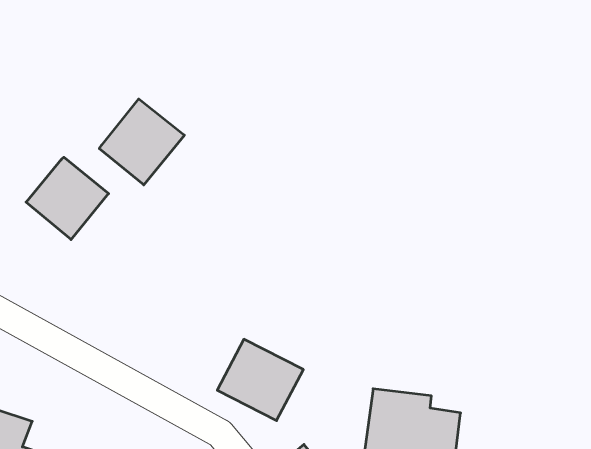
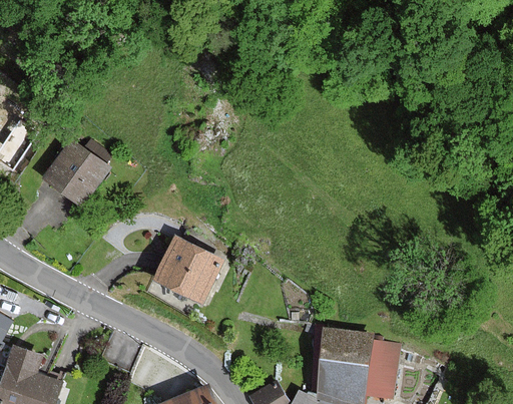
building: [99,99,184,185] -> none
building: [217,339,303,421] -> [153,236,224,303]

